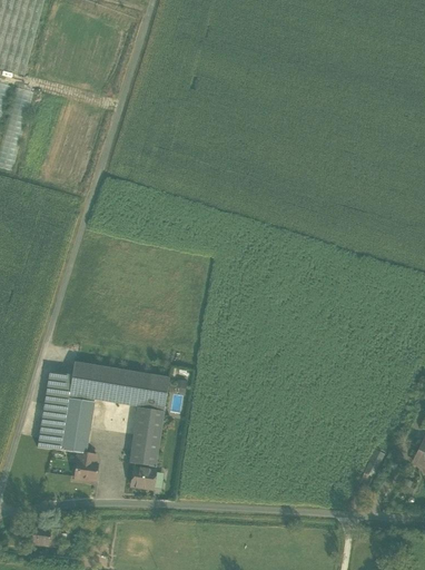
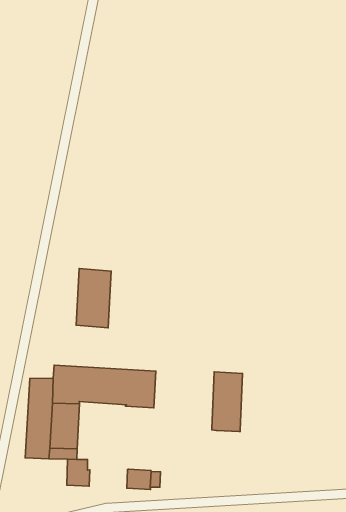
building: none -> [76,269,111,328]
building: [129,405,164,464] -> [212,372,242,432]

